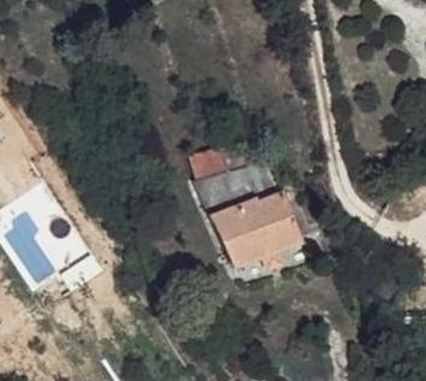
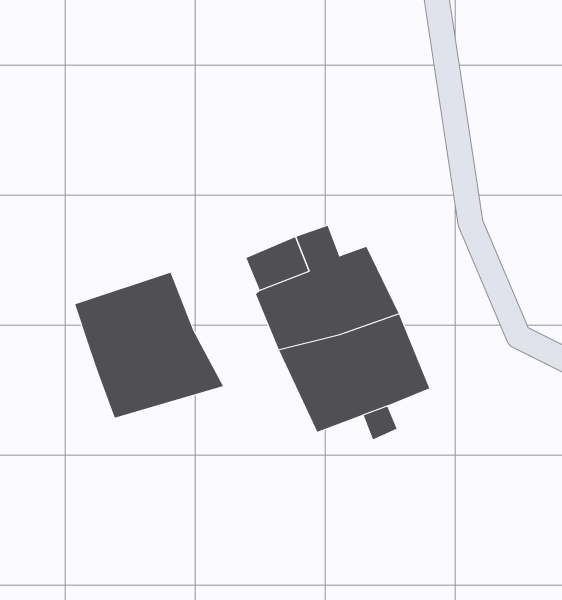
building: none -> [75,272,224,419]

